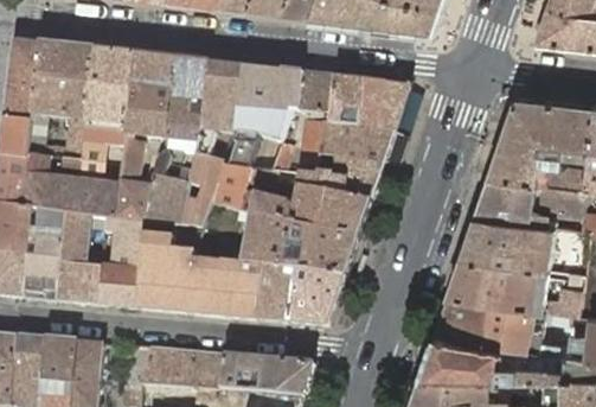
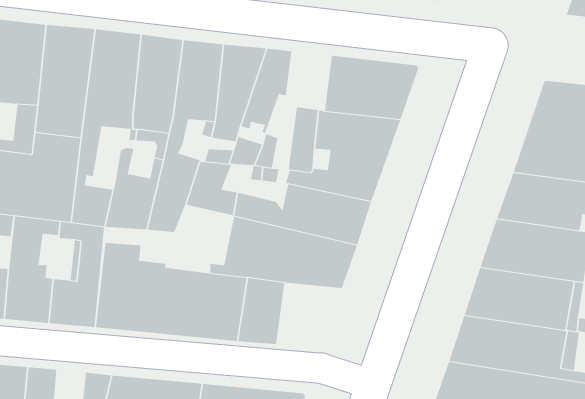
building: [296,71,334,113] -> none
building: [288,268,344,325] -> none

